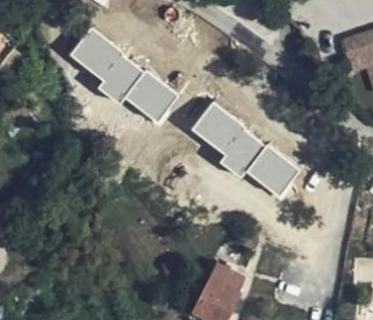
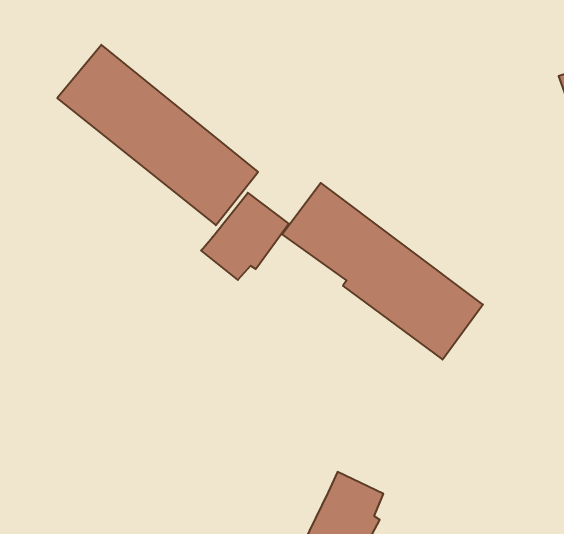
building: none -> [201,193,289,280]

